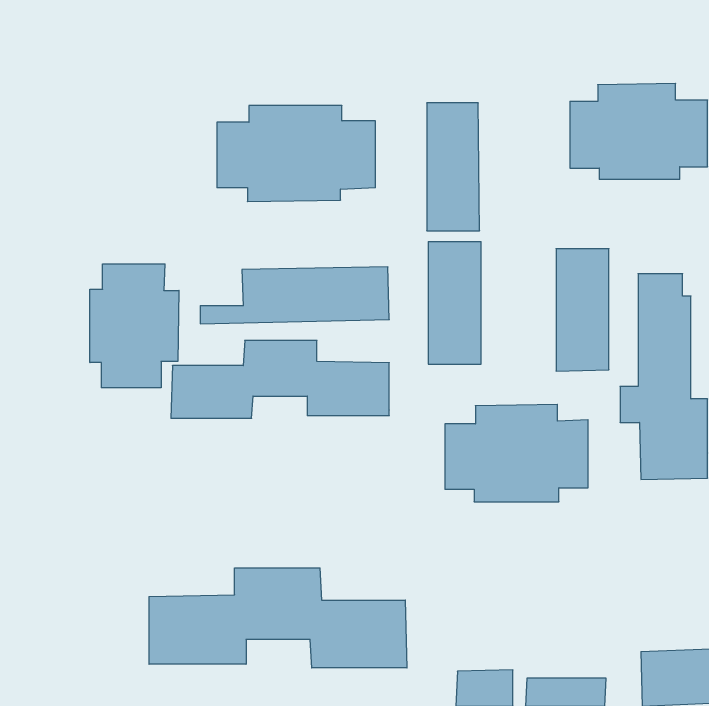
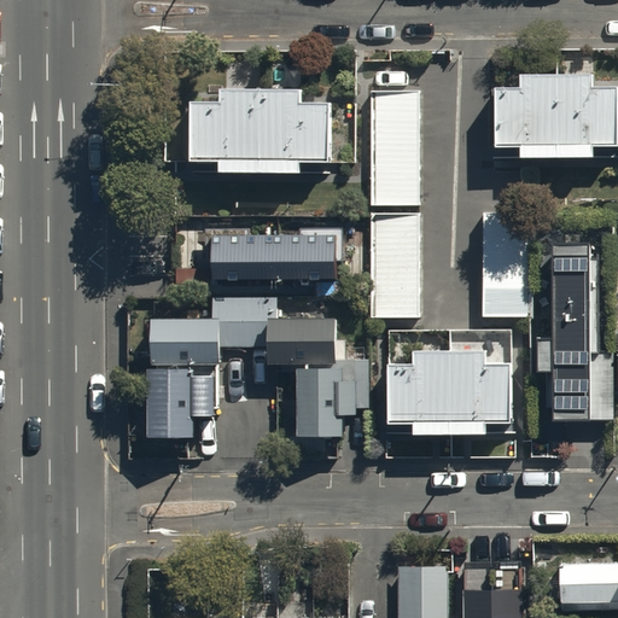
building: [90,264,179,388] -> none
building: none -> [293,356,371,436]
building: none -> [146,372,210,437]
building: [149,568,407,668] -> none

